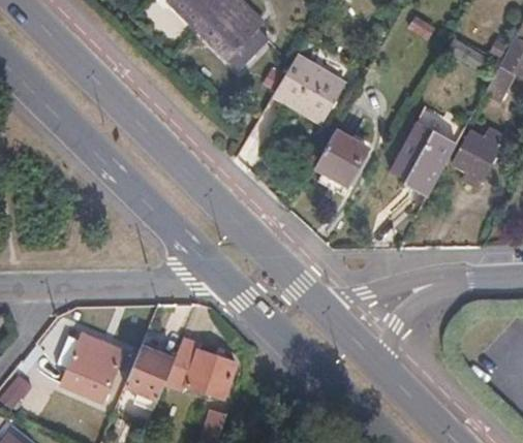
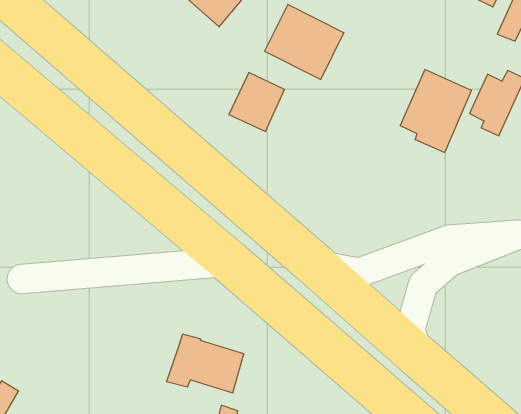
building: [316,130,368,184] -> [229,73,284,131]
building: [124,327,177,402] -> none
building: [62,333,124,402] -> none

